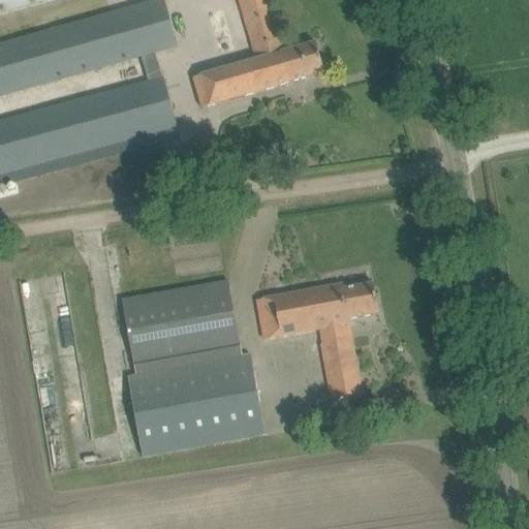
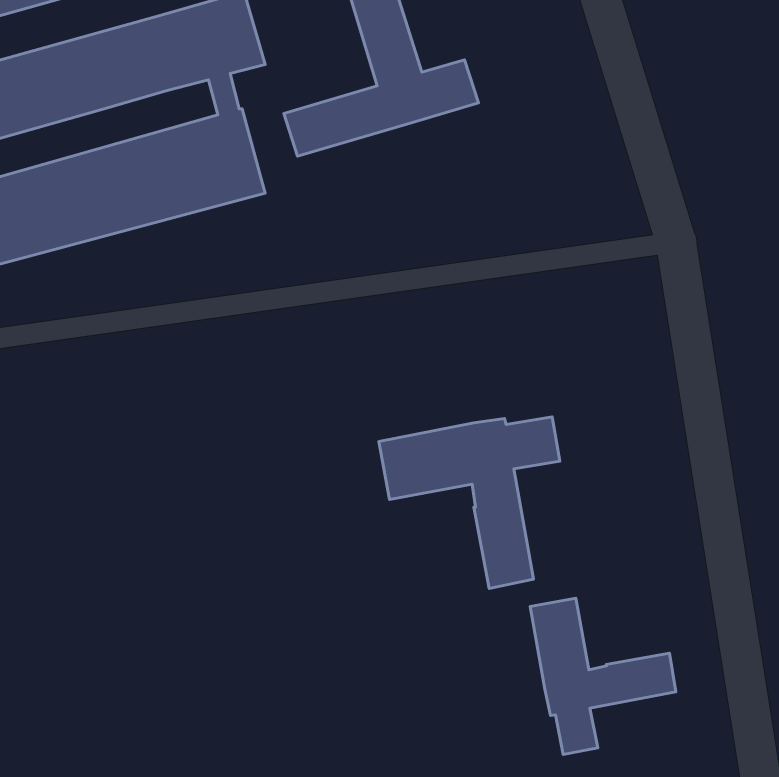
building: [120,279,263,454] -> none
building: none -> [530,598,676,755]

